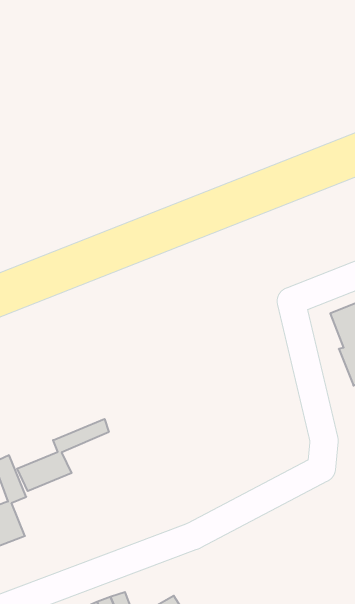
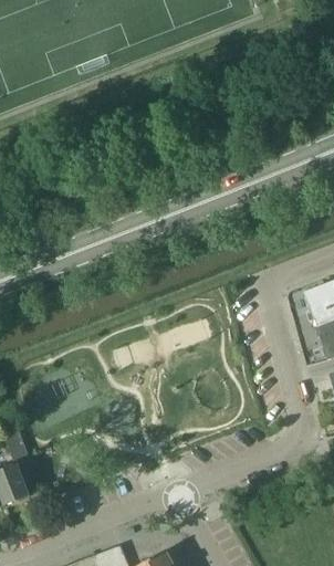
building: [17,419,109,491] -> none

